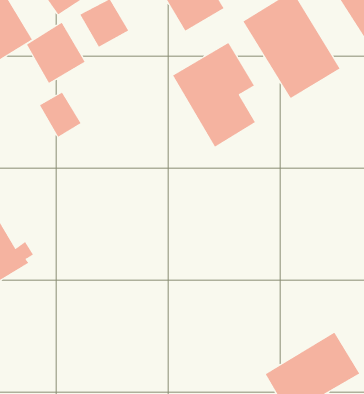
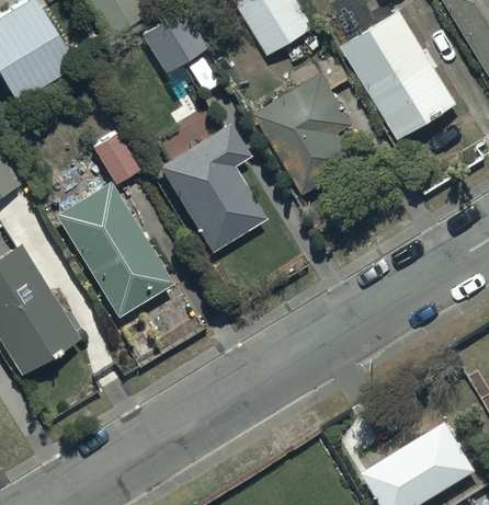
building: [26,22,85,84] -> none
building: none -> [156,122,266,254]
building: none -> [53,182,169,318]

